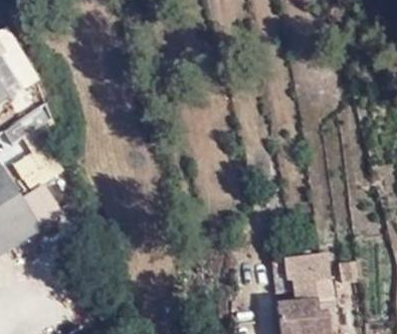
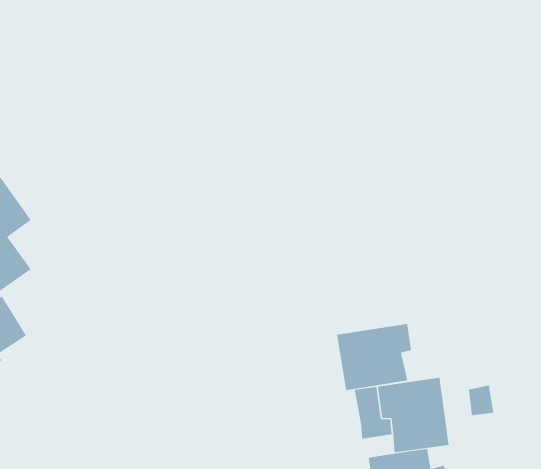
building: none -> [336,323,412,391]

